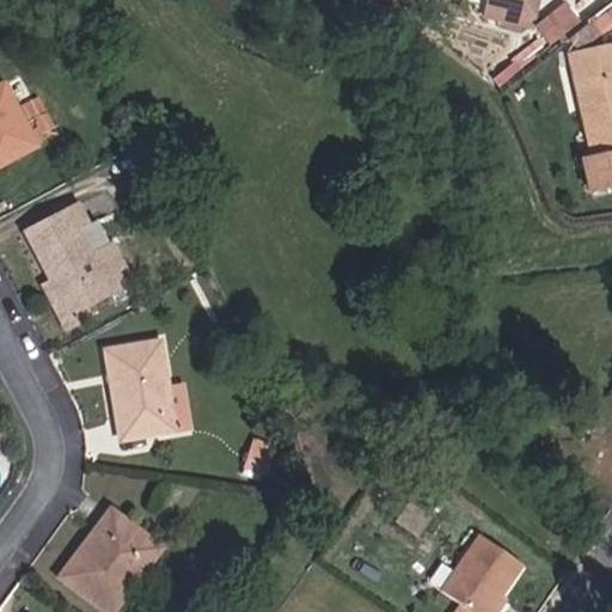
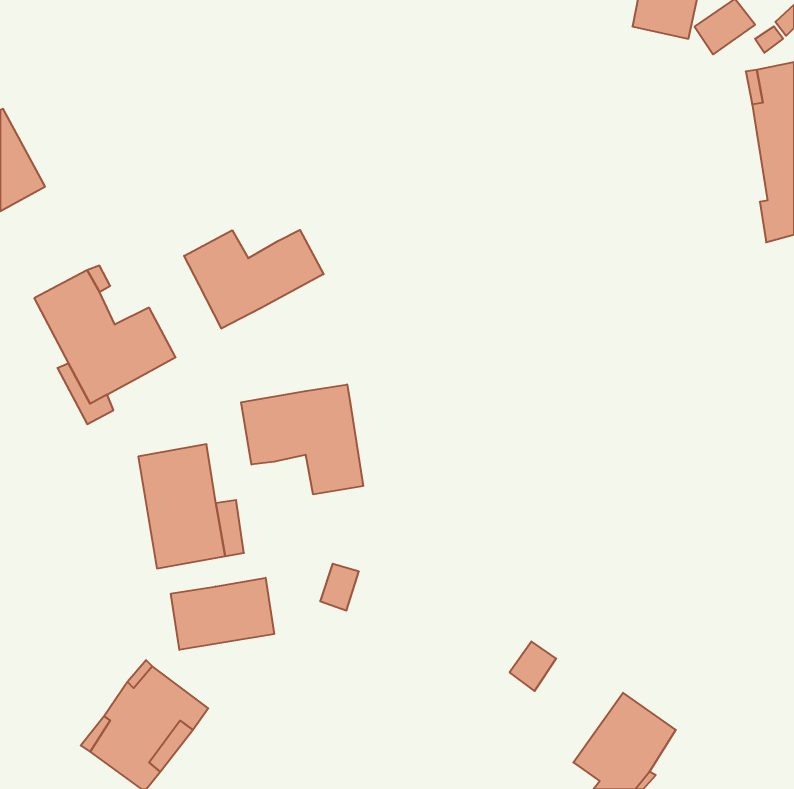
building: none -> [184,230,324,329]
building: none -> [241,384,363,494]
building: none -> [171,578,274,650]

